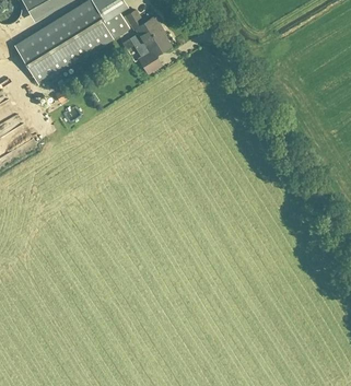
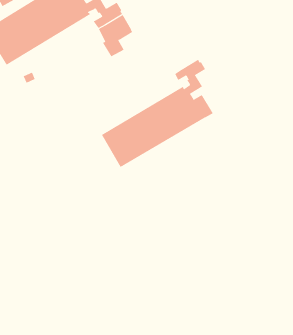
building: none -> [101,59,213,168]

